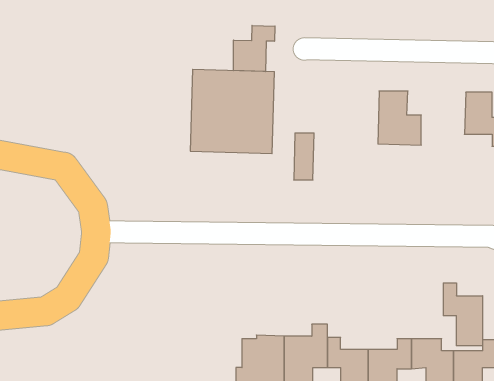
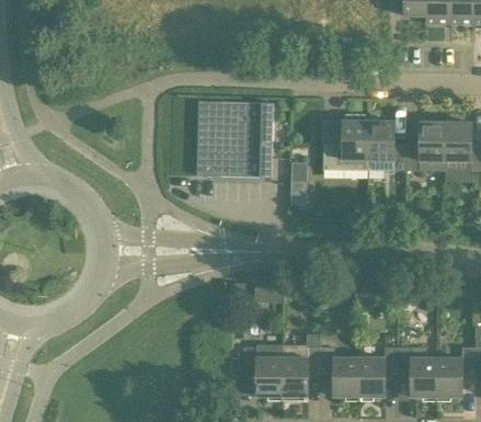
building: [234,25,275,72] -> none
building: none -> [323,121,368,170]
building: none -> [406,123,447,171]
building: [443,283,483,346] -> none

